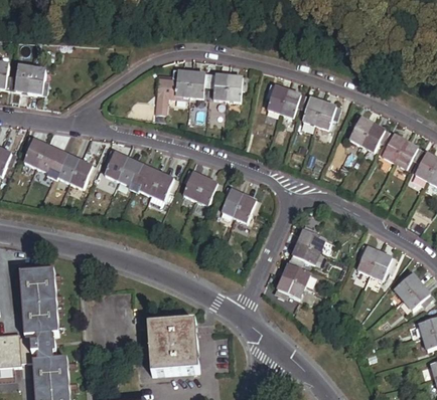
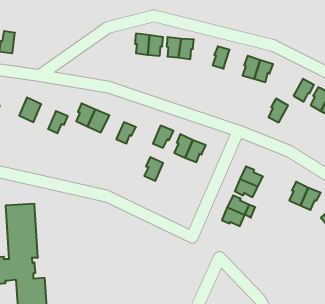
building: [28,68,45,94] -> none
building: [155,76,188,112] -> none
building: [278,88,301,116] -> none
building: [348,115,372,143] -> [269,99,288,122]
building: [23,139,45,166] -> none
building: [53,153,80,182] -> none
building: [133,166,160,194] -> none
building: [181,171,203,199] -> [144,157,163,181]
building: [147,322,197,373] -> none

